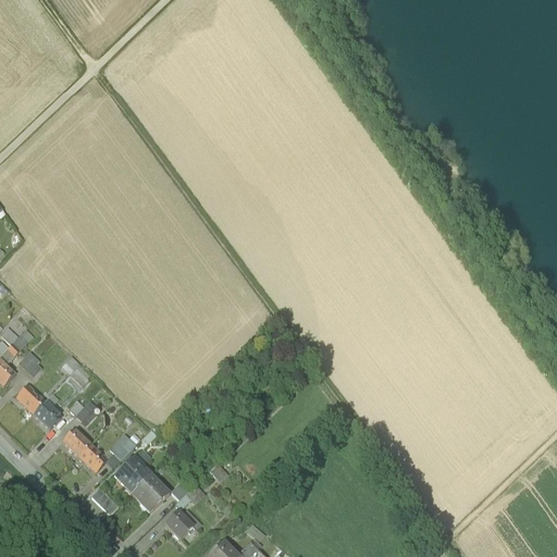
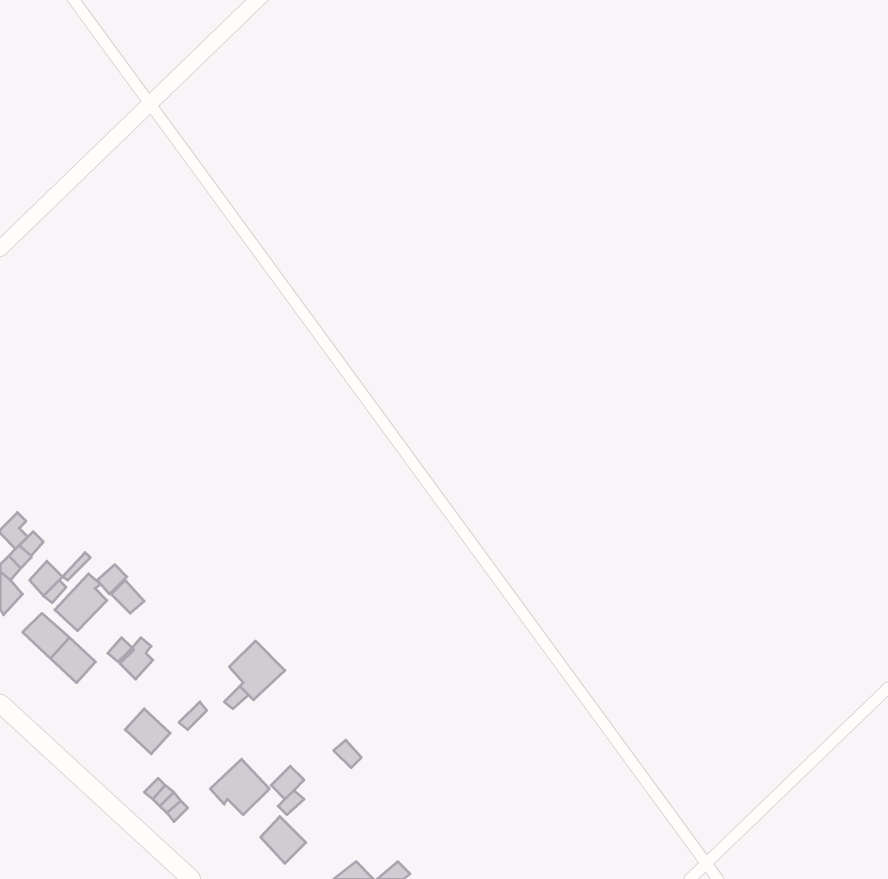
building: none -> [55,574,107,631]
building: [61,428,90,457] -> none
building: [116,457,151,494] -> [229,641,285,700]

